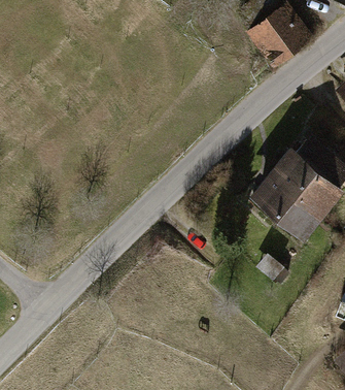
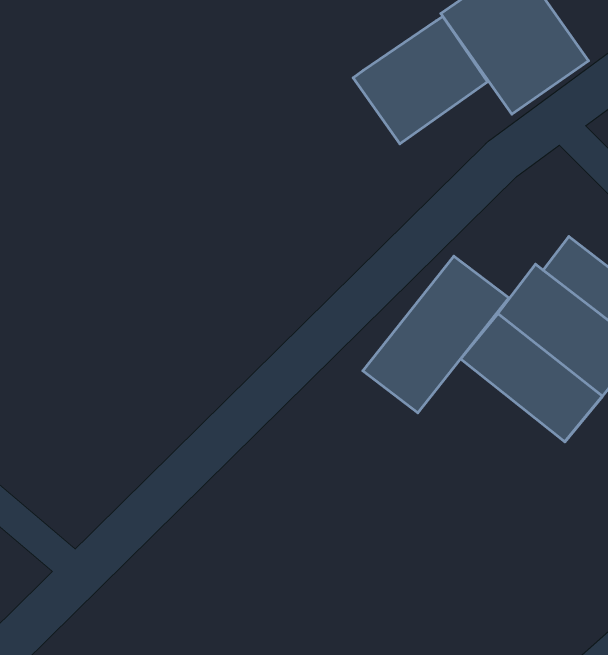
building: none -> [353,17,488,144]
building: none -> [363,256,509,413]

